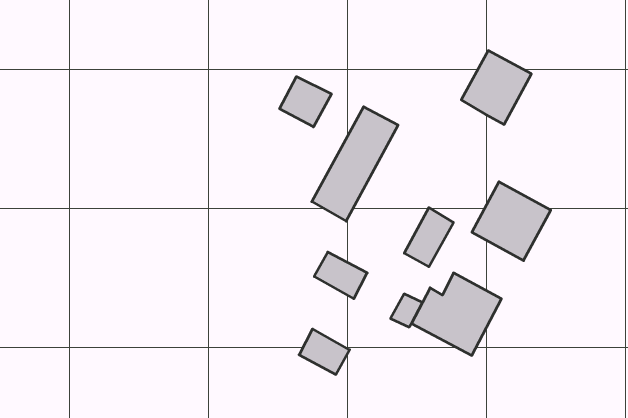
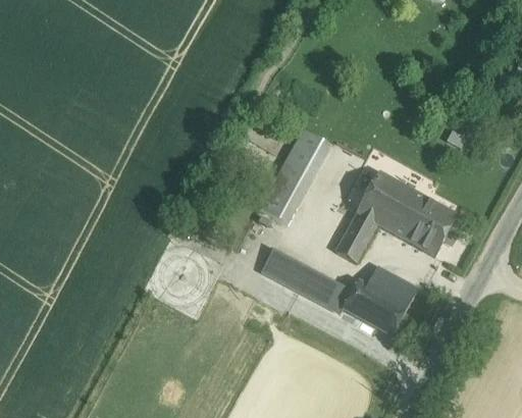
building: [461,51,531,124] -> [356,171,414,232]
building: [280,77,331,127] -> none
building: [299,329,350,374] -> [294,266,335,304]

